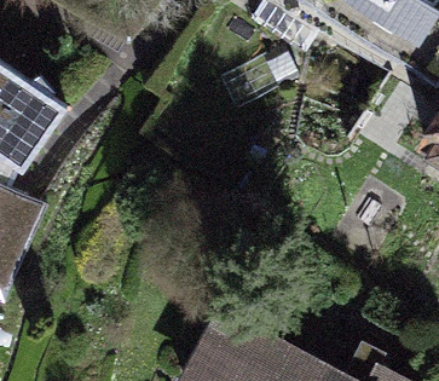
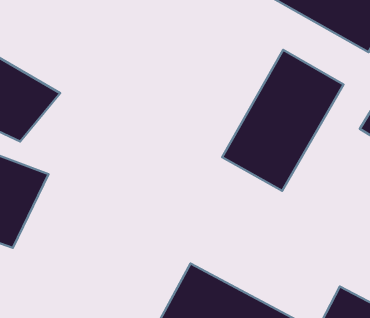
building: none -> [222,50,344,191]

